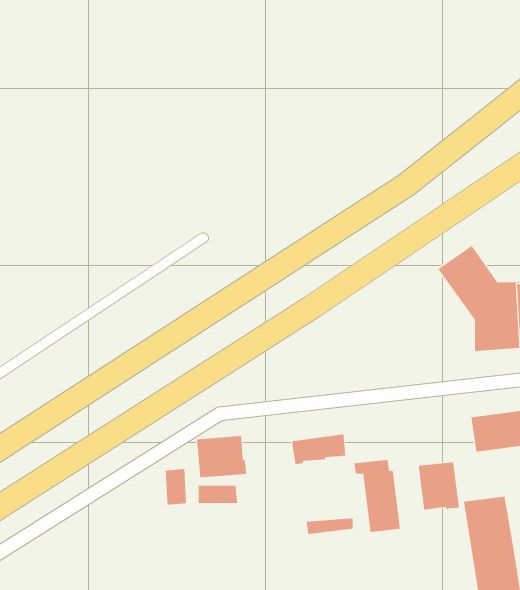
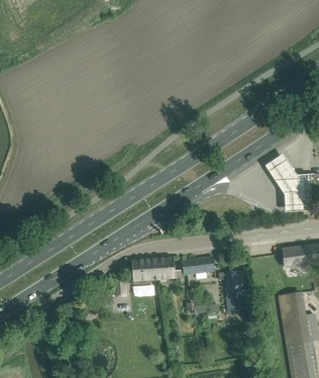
building: none -> [156,257,182,279]
building: [418,461,460,510] -> none

